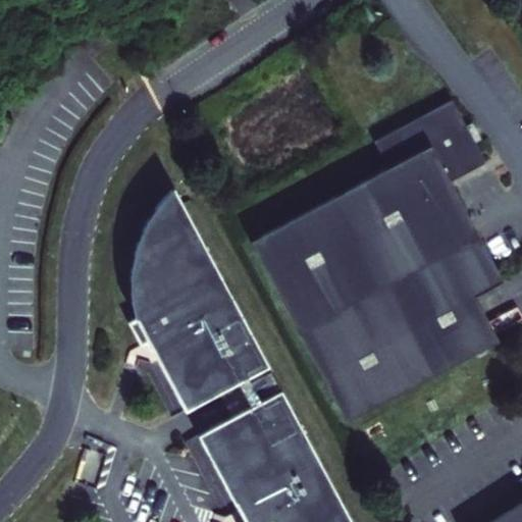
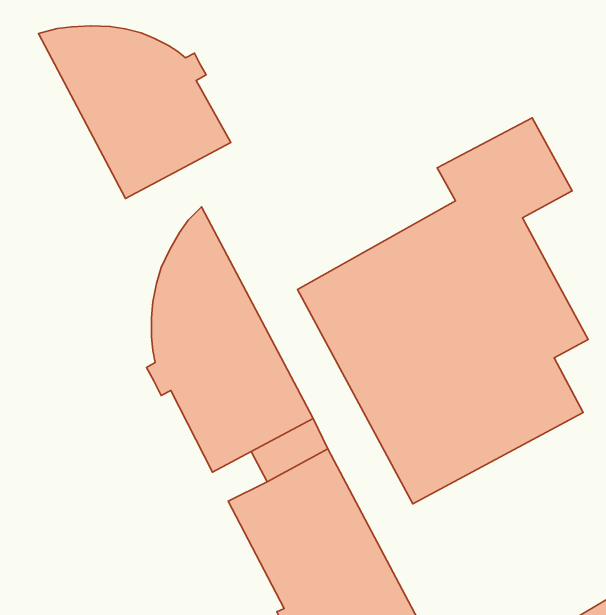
building: none -> [38,26,231,198]

